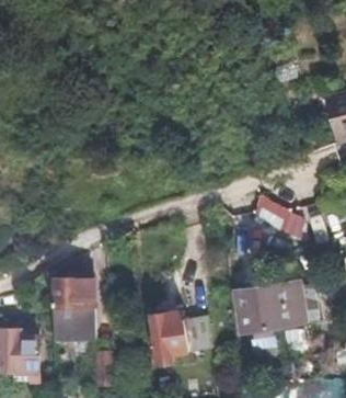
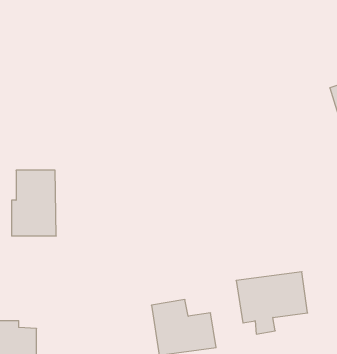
building: [251,194,309,235] -> none
building: [51,276,95,341] -> [12,170,56,236]

